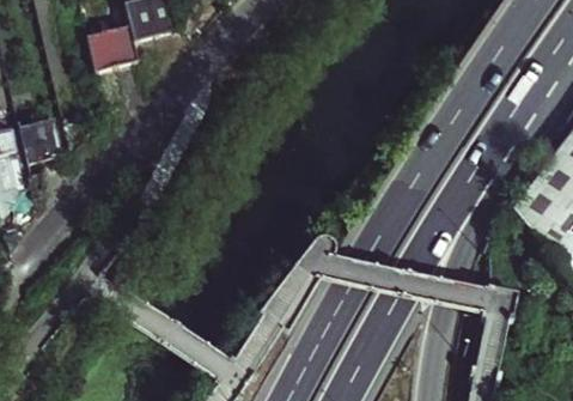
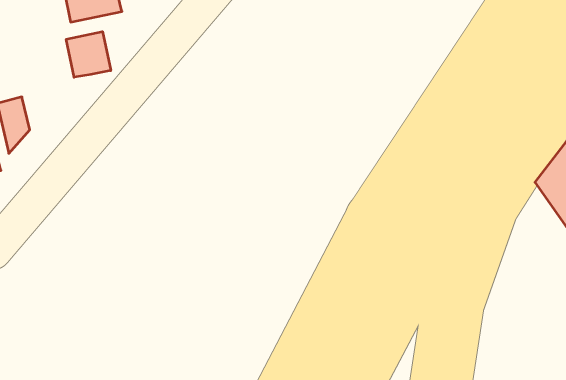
building: none -> [66,32,111,77]

